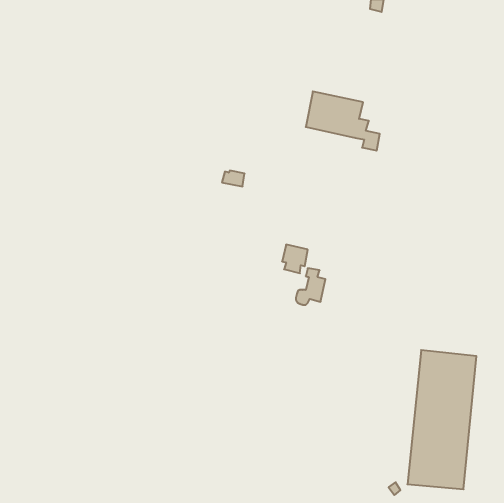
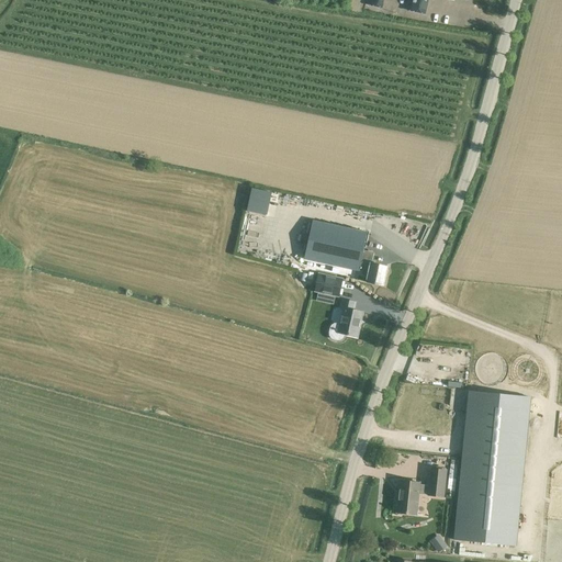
building: [306,91,380,151] -> [304,218,386,284]
building: none -> [396,468,447,514]

